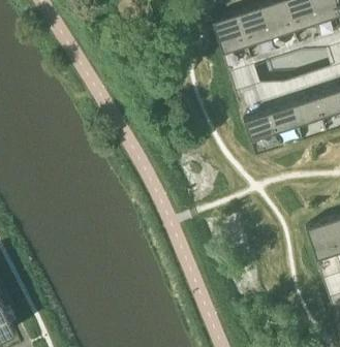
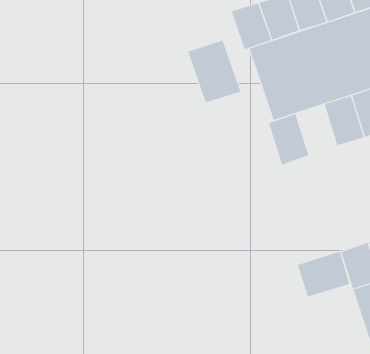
building: none -> [187,40,241,103]
building: [269,100,304,145] -> none
building: none -> [297,251,350,297]

